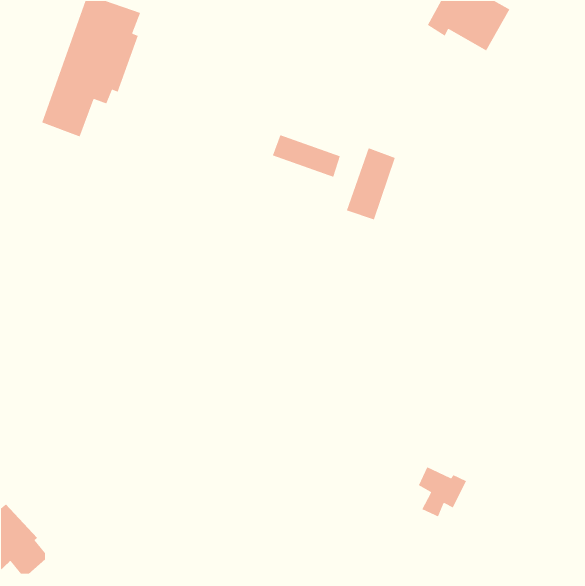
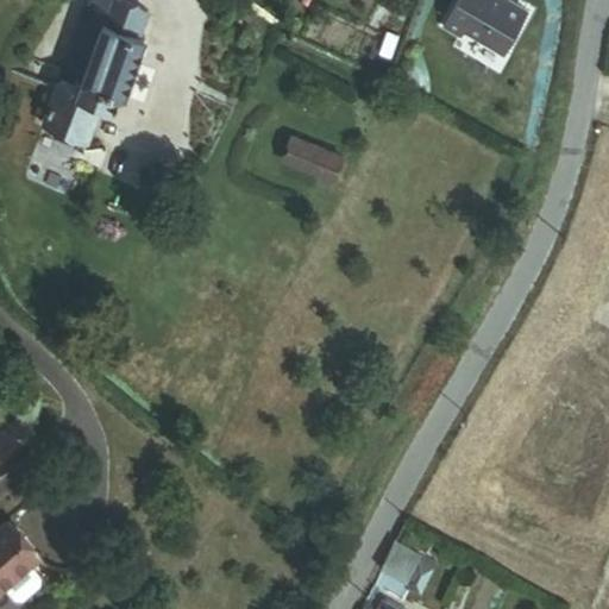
building: [346,147,396,221] -> none
building: [418,466,467,518] -> [382,548,433,602]

